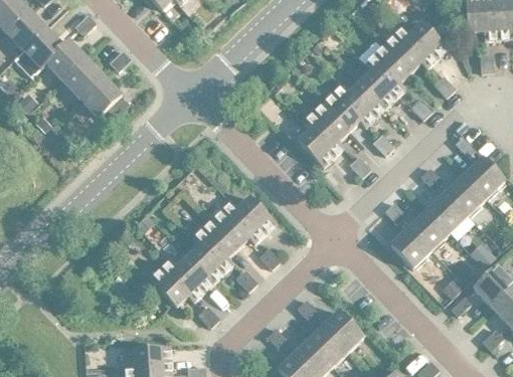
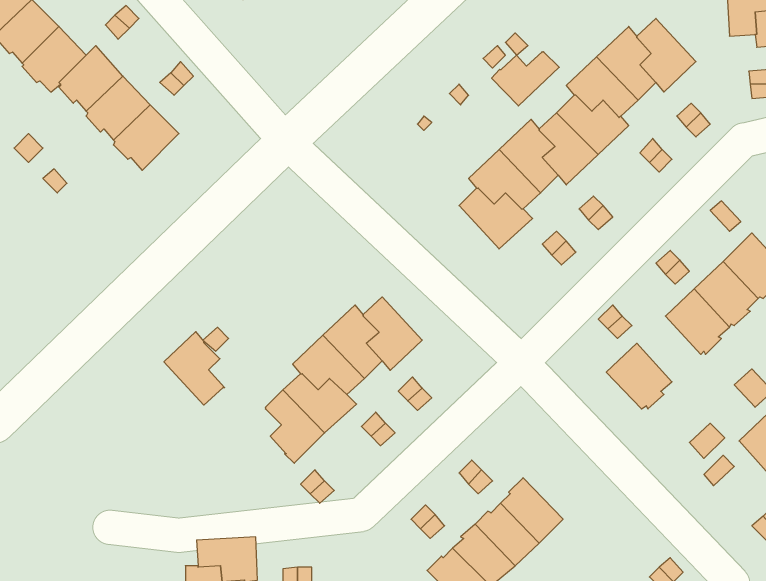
building: none -> [492,52,559,106]
building: [408,208,449,249] -> none
building: [150,259,188,306] -> [164,332,225,405]

